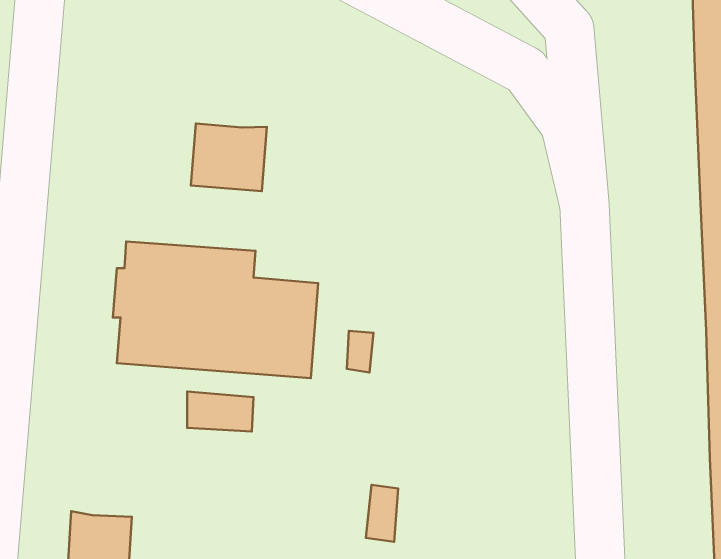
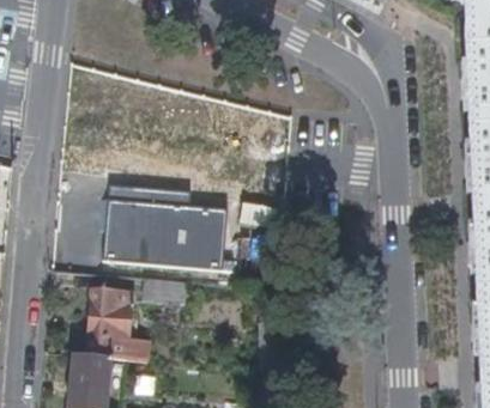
building: [191,123,267,191] -> none
building: none -> [85,288,158,360]

